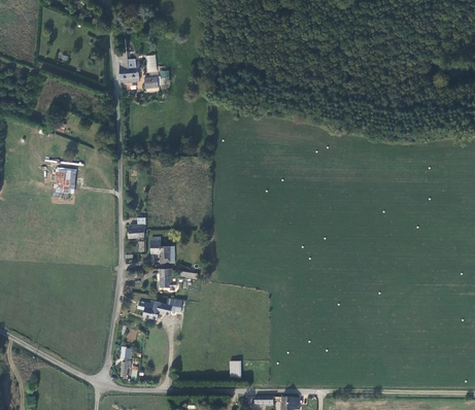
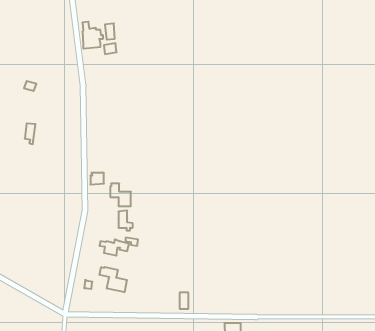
building: none -> [100,267,127,292]

